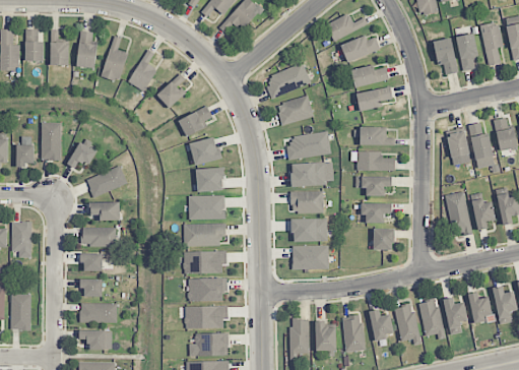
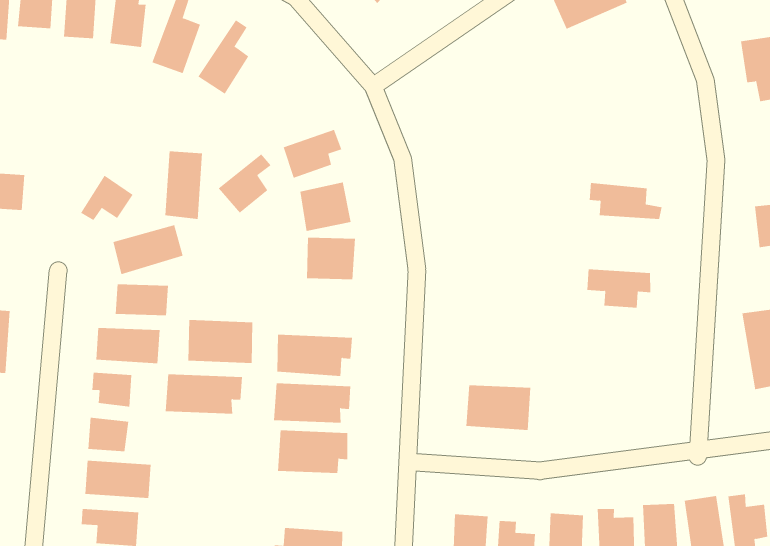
building: [340,37,380,62] -> none
building: [265,63,311,97] -> none
building: [350,65,389,87] -> none
building: [156,73,186,108] -> [218,154,272,213]
building: [356,86,393,112] -> none
building: [276,96,314,125] -> none
building: [42,123,61,161] -> [165,151,203,220]
building: [286,132,330,158] -> none
building: [351,151,395,171] -> none
building: [290,162,327,187] -> none
building: [291,191,323,212] -> none
building: [188,195,225,220] -> [188,320,253,364]
building: [363,203,391,223] -> none
building: [291,218,327,242] -> none
building: [374,228,393,250] -> none
building: [185,306,228,328] -> [165,374,243,414]

